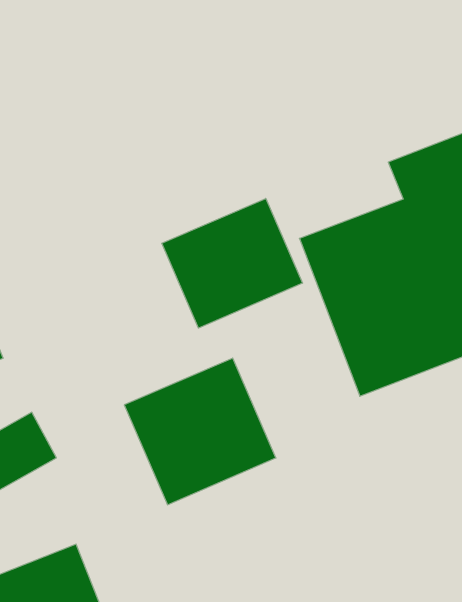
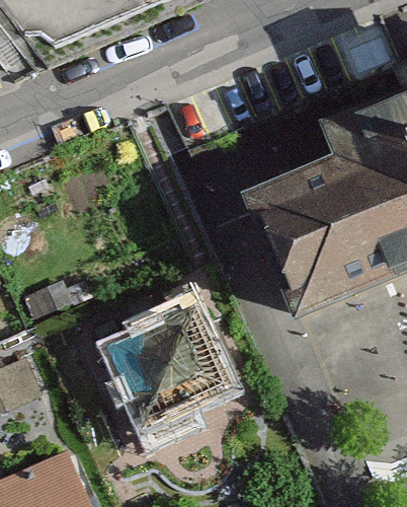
building: [162,198,302,328] -> none

